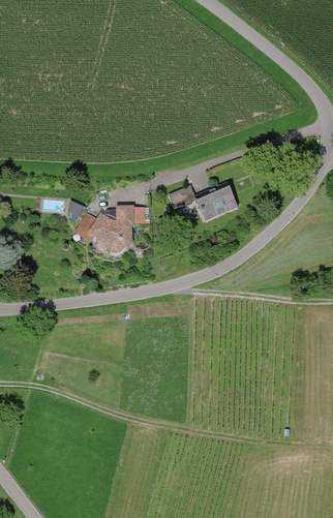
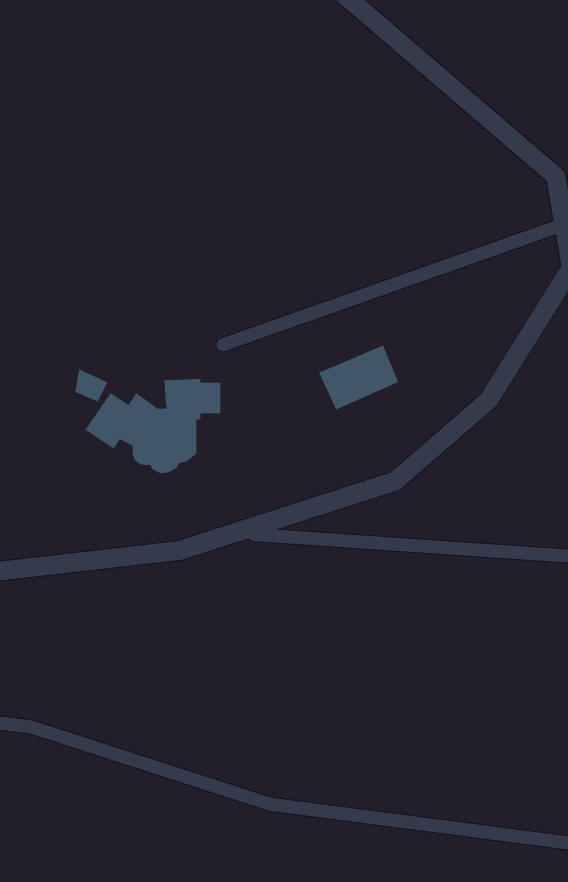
building: [166,185,194,209] -> none

